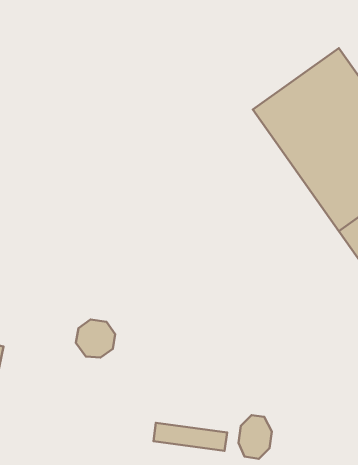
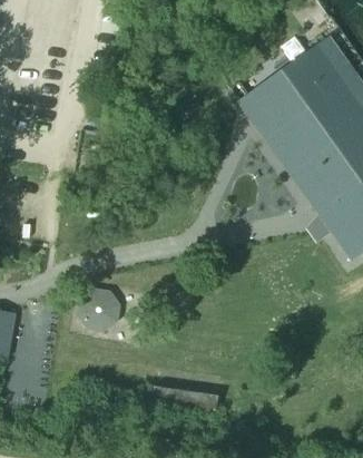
building: [238,415,272,459] -> none

